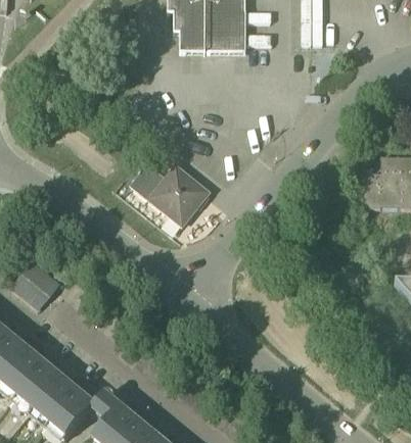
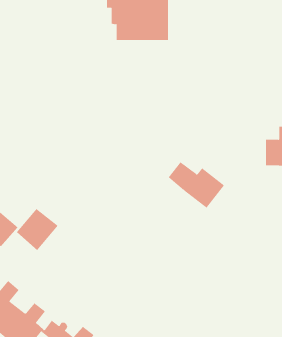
building: [134,163,204,222] -> [168,162,225,209]
building: none -> [16,208,58,251]

